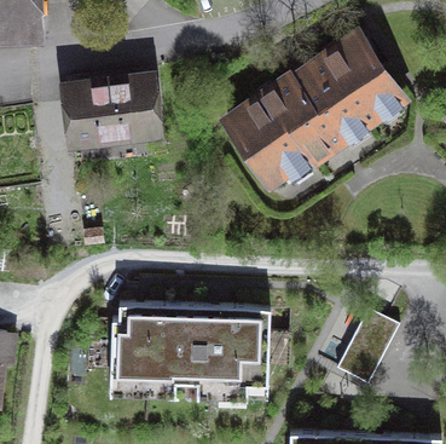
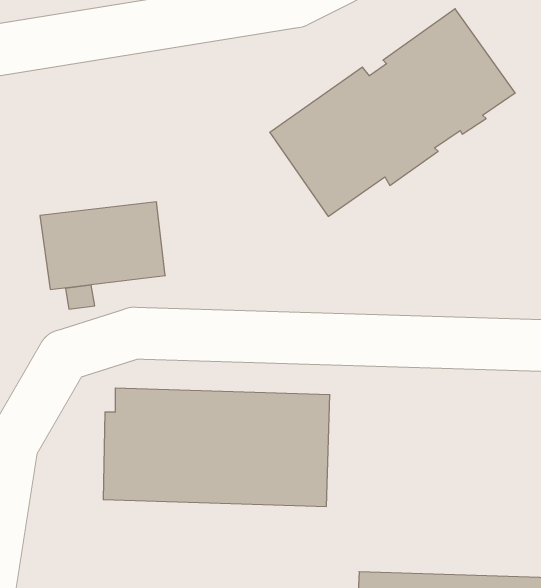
building: [68,77,156,139] -> [40,202,165,289]
building: [337,307,400,377] -> none

